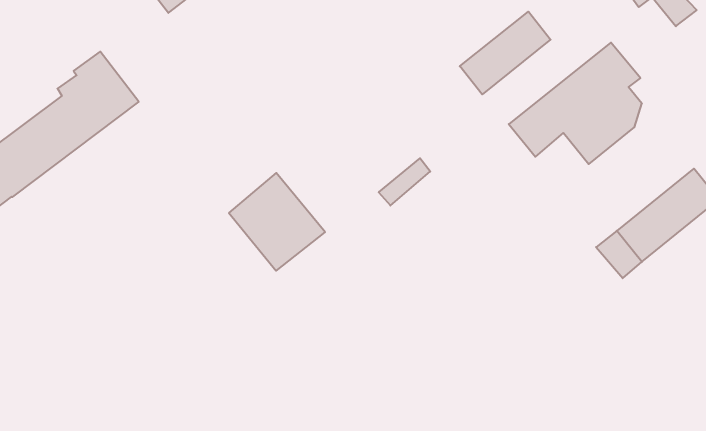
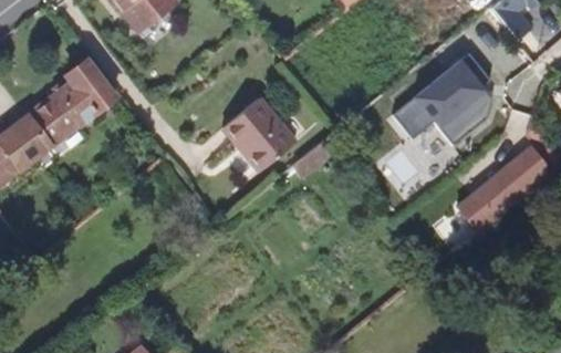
building: [460,12,551,94] -> none
building: [229,173,325,271] -> [224,98,295,172]

